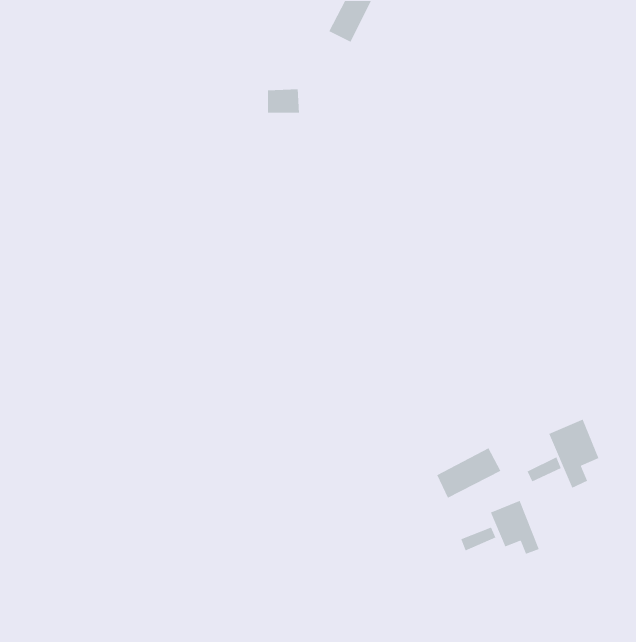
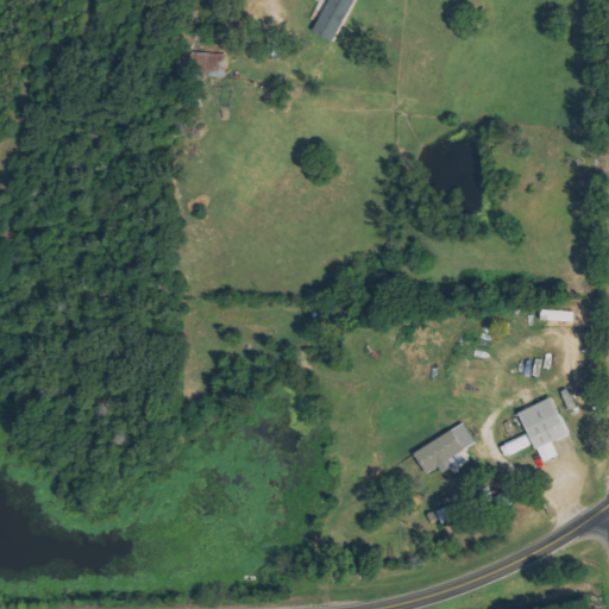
building: [267,88,300,114] -> [192,52,222,76]
building: [490,500,540,555] -> none

